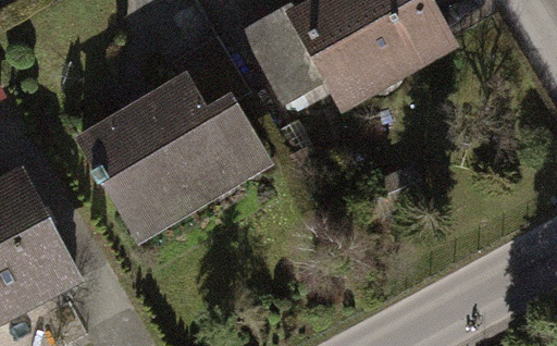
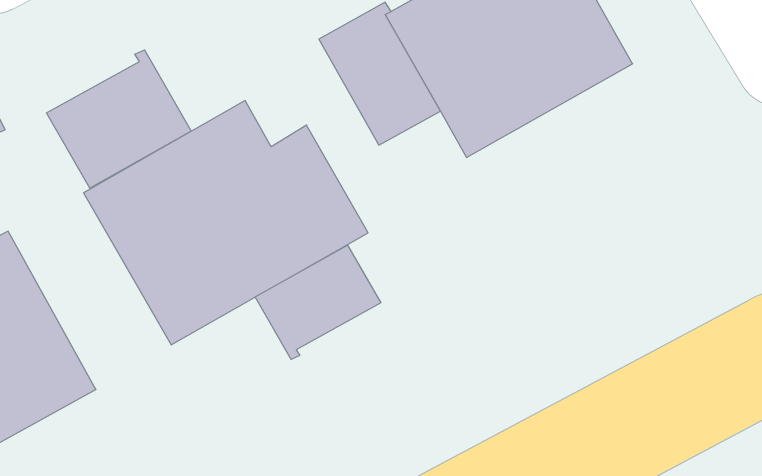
building: none -> [46,50,191,188]
building: none -> [255,245,381,359]

